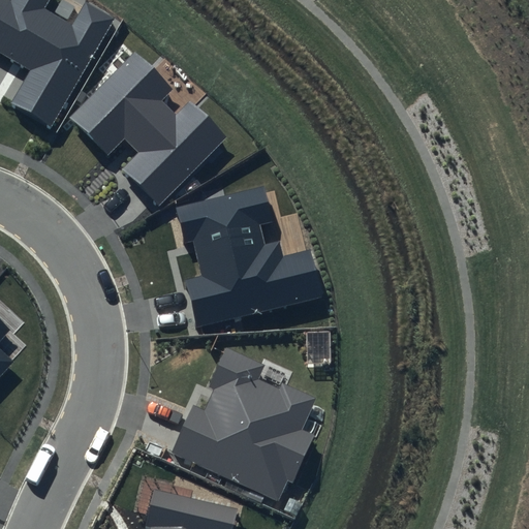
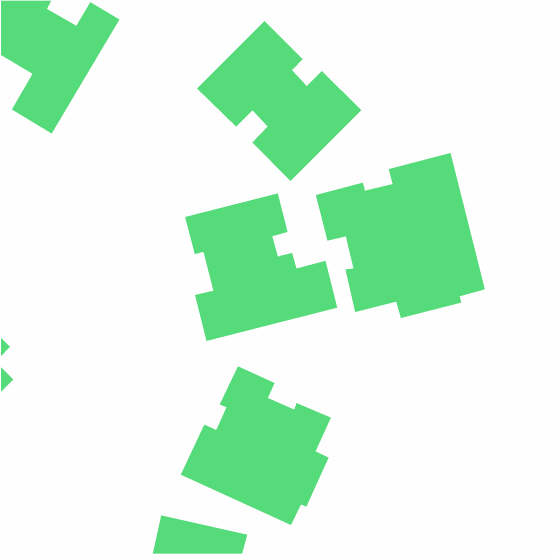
building: [69,52,227,206] -> [196,20,362,182]
building: none -> [315,152,486,319]

